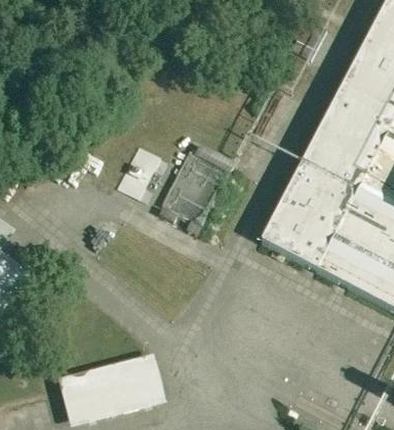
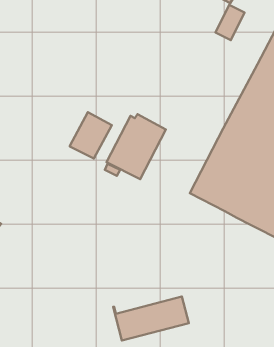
building: [66,362,156,415] -> [113,297,189,340]

